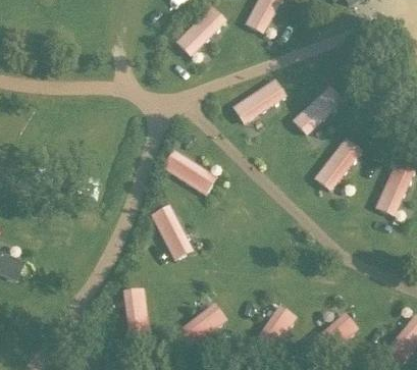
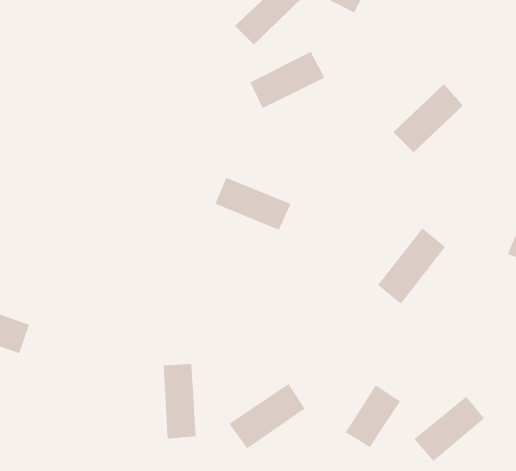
building: [231,81,286,122] -> [249,51,325,109]
building: [312,137,362,193] -> [377,227,446,305]
building: [150,205,193,261] -> none

